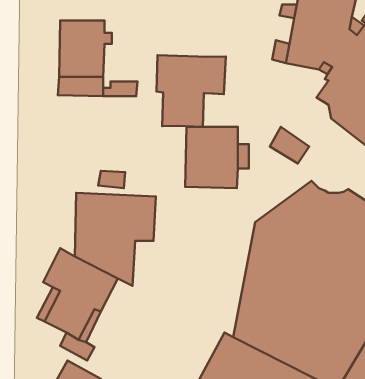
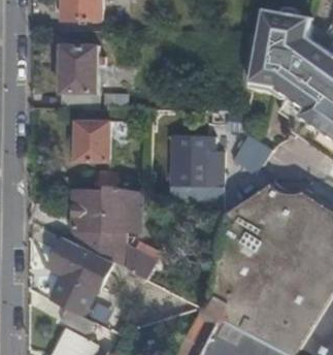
building: [156,55,226,127] -> none
building: none -> [76,122,111,162]
building: none -> [124,238,160,276]

